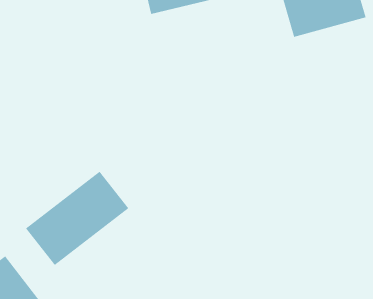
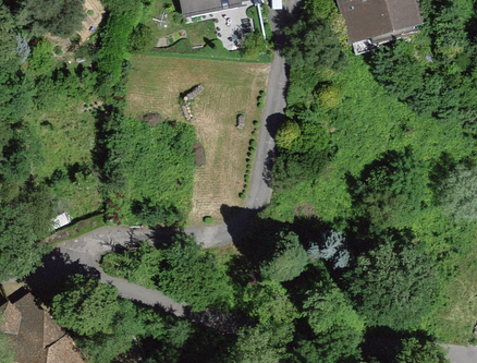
building: [25,171,129,266] -> none

